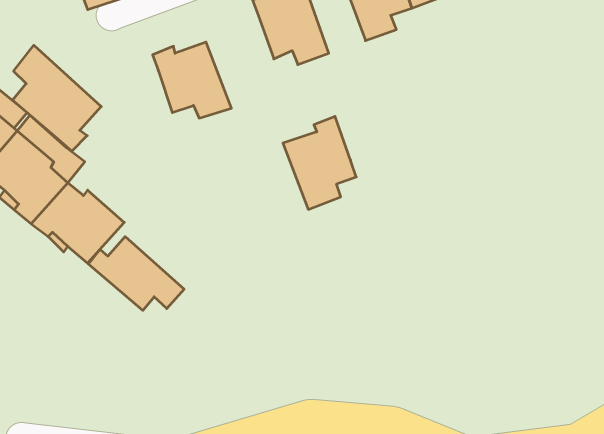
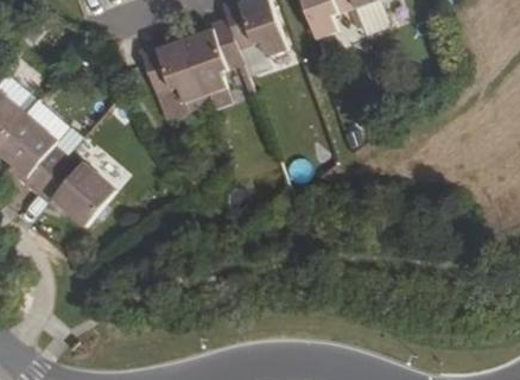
building: [12,45,101,151] -> none
building: [283,116,356,209] -> [182,15,243,94]
building: [89,237,184,310] -> none

